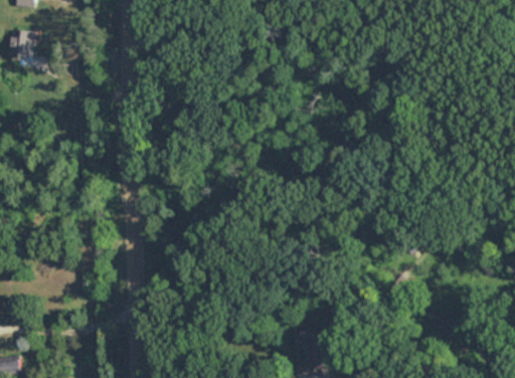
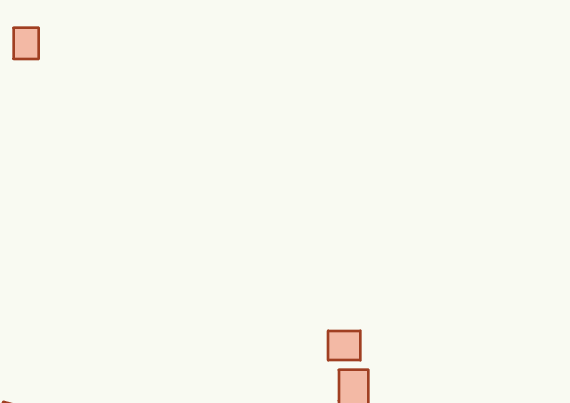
building: none -> [328,331,360,360]

